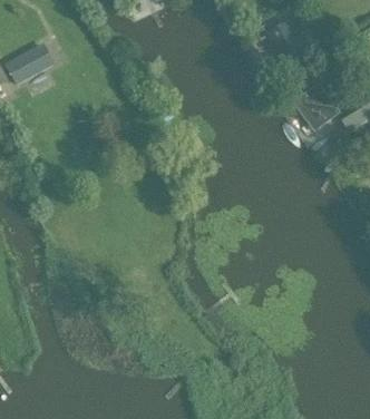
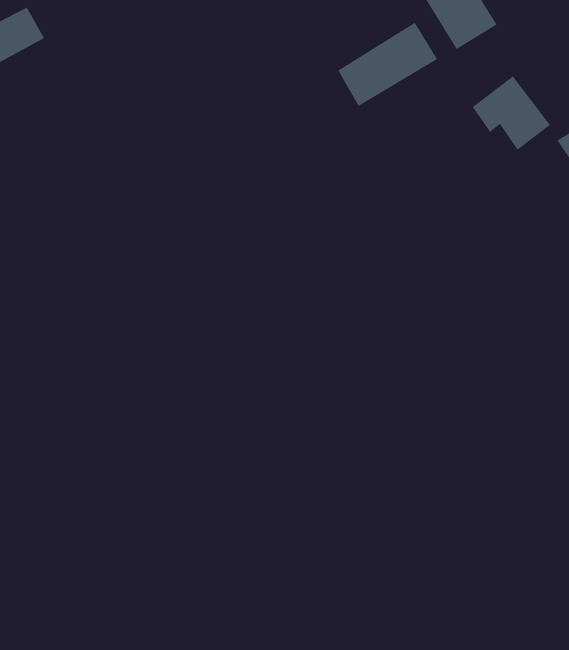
building: none -> [337,22,438,107]

